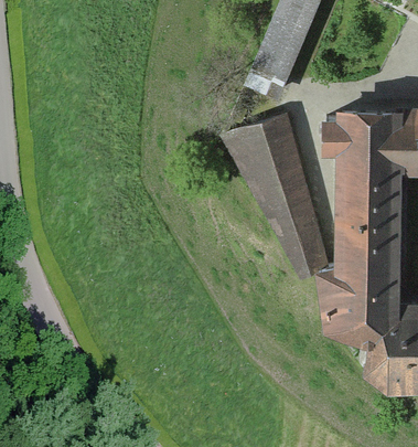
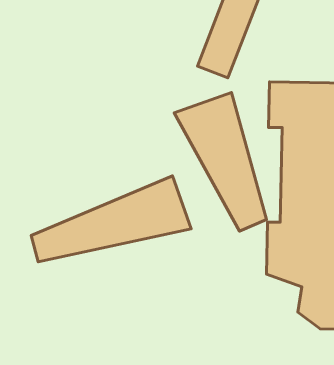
building: none -> [31,176,191,262]

